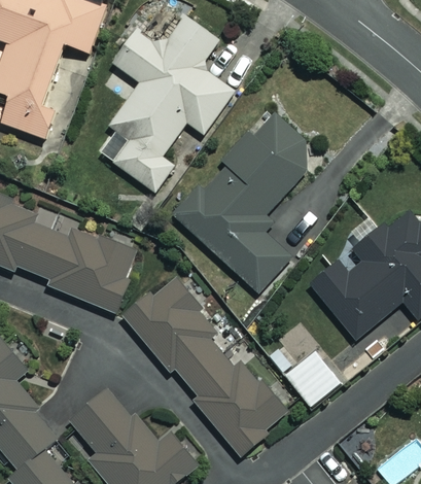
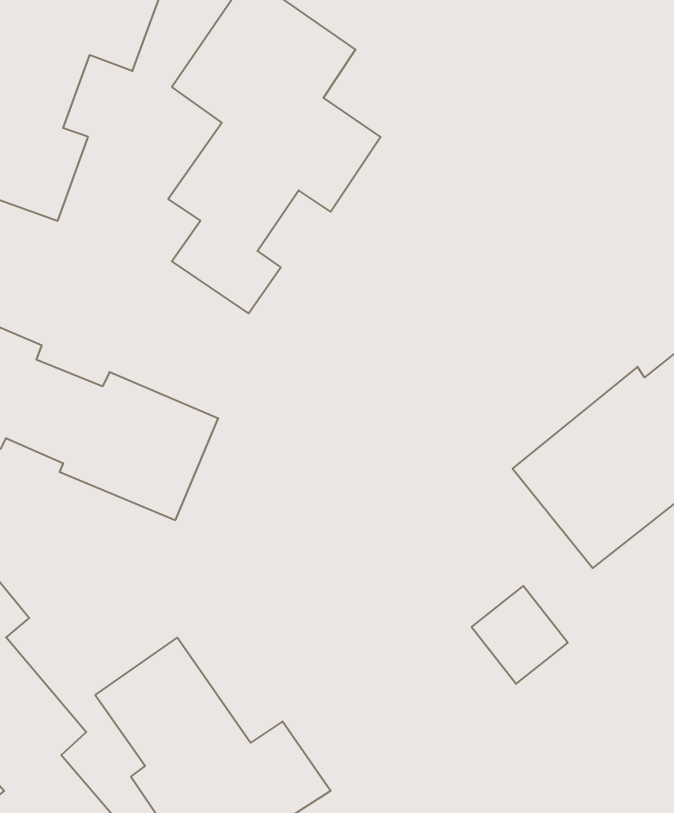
building: [177,112,321,293] -> none
building: [121,275,288,454] -> none

